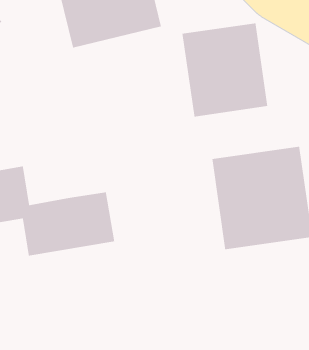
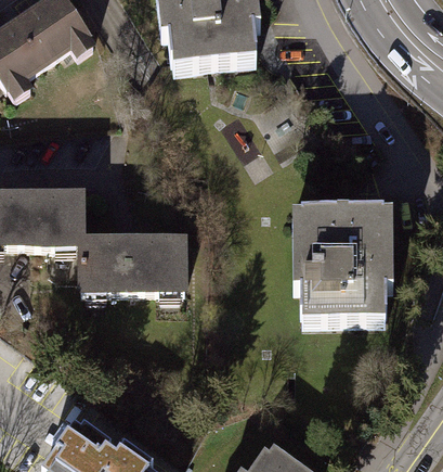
building: [182,22,268,117] -> none

